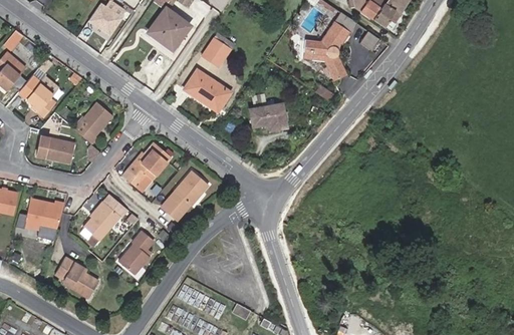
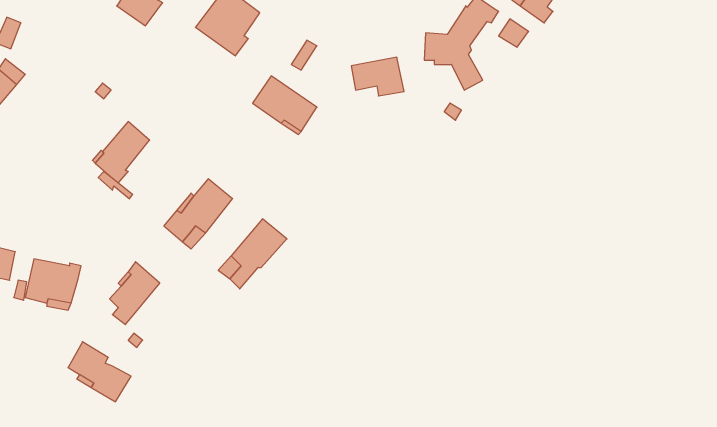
building: [203,31,235,61] -> none
building: [26,77,58,116] -> none
building: [250,103,287,130] -> [351,57,404,96]
building: [44,138,77,165] -> none
building: [117,231,153,274] -> none

